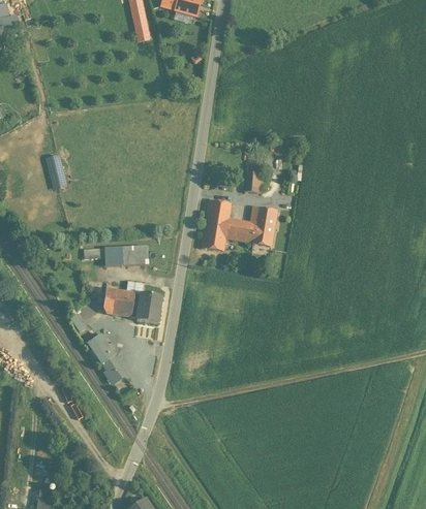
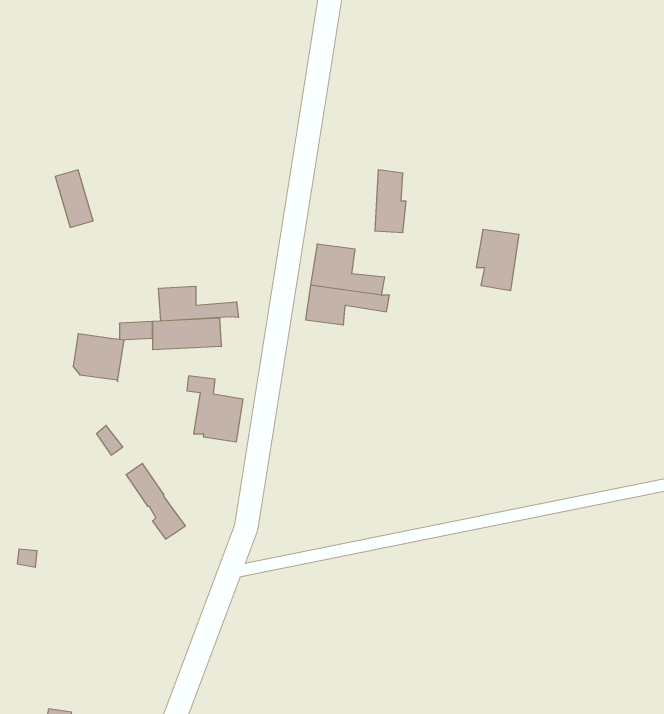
building: [248,206,275,245] -> [476,230,519,291]
building: none -> [159,286,239,321]
building: [102,287,134,317] -> [73,334,124,382]

